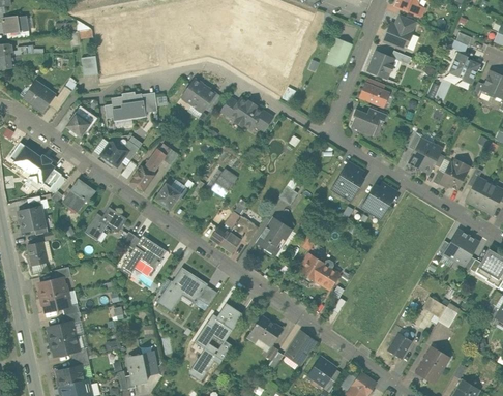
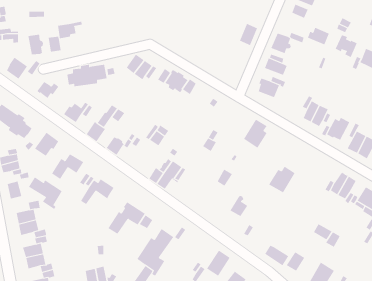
building: [383,26,412,49] -> [307,27,330,45]
building: none -> [57,21,82,39]
building: none -> [28,34,44,55]
building: [361,183,396,218] -> [268,166,295,193]
building: [257,218,291,255] -> none
building: none -> [28,176,63,210]
building: [300,253,325,283] -> none
building: [248,316,283,345] -> none
building: none -> [265,245,289,266]

